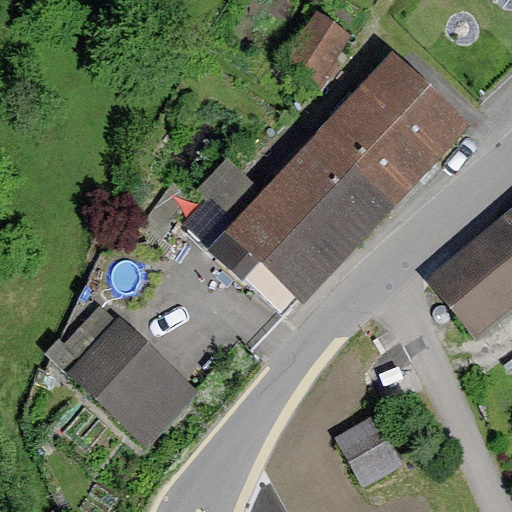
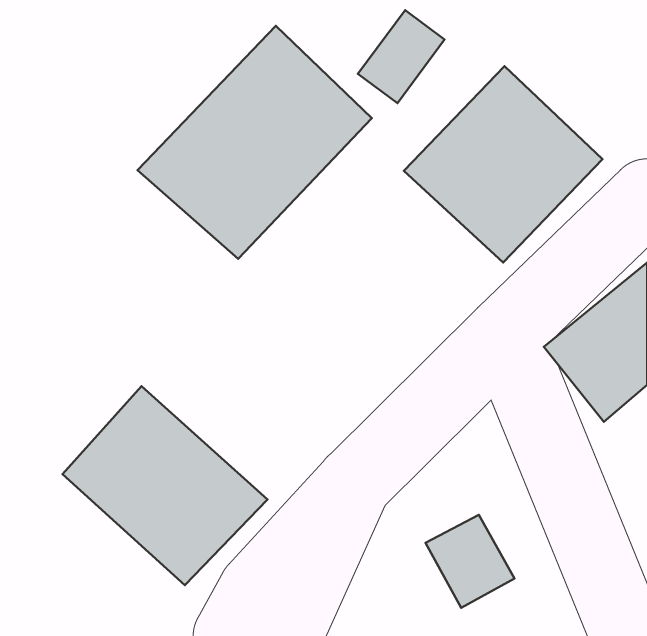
building: none -> [138,26,372,259]
building: [206,134,395,324] -> none

